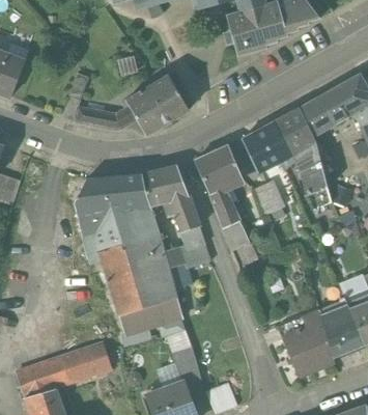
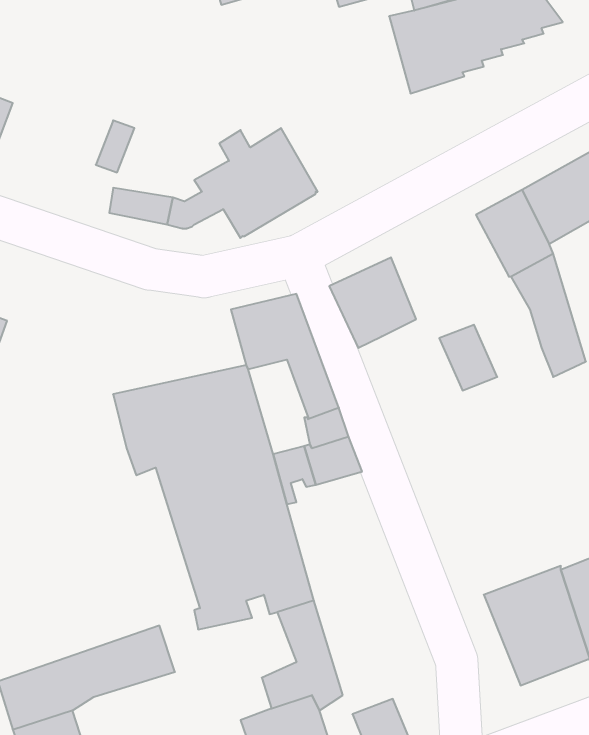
building: [242,121,290,172] -> none
building: [75,172,149,218] -> none
building: [209,187,257,267] -> none

